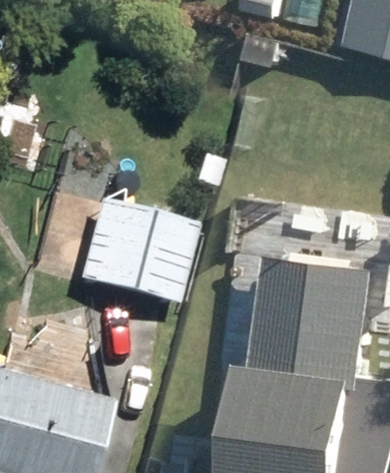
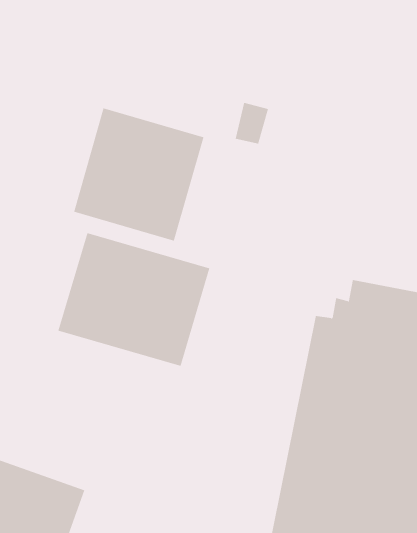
building: none -> [73,108,204,241]

